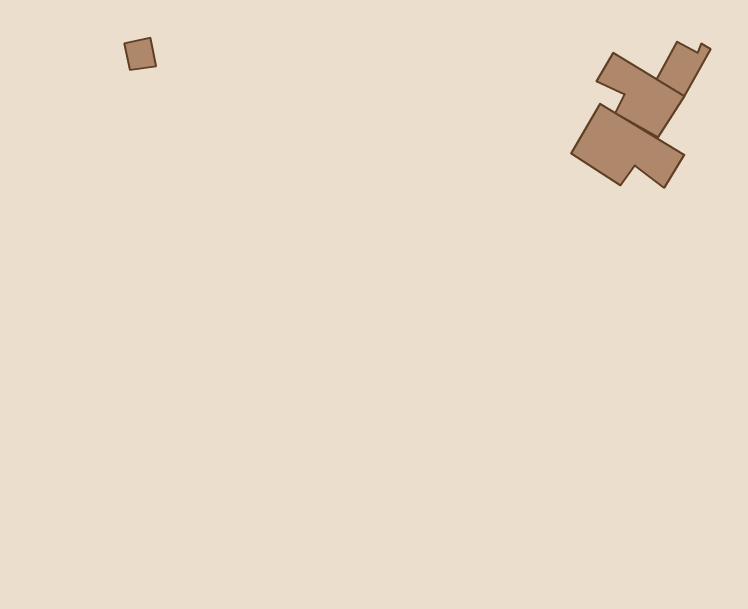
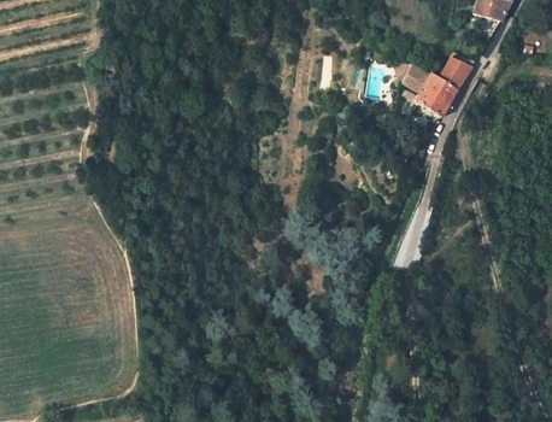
building: [571,104,684,188] -> none

